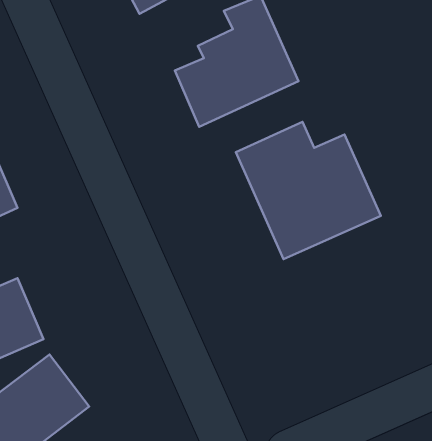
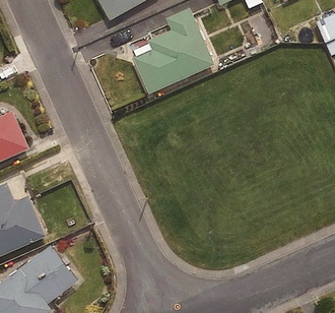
building: [236,122,381,259] -> none

